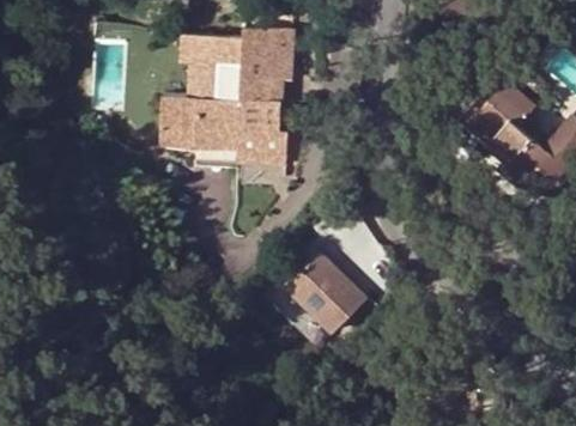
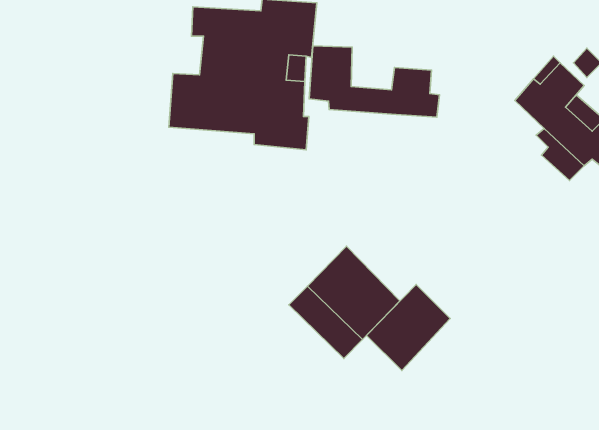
building: none -> [309,46,440,117]
building: none -> [366,285,450,370]

